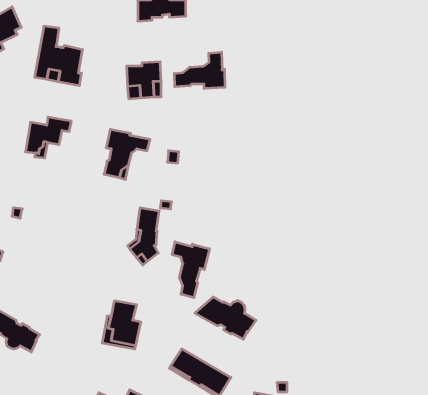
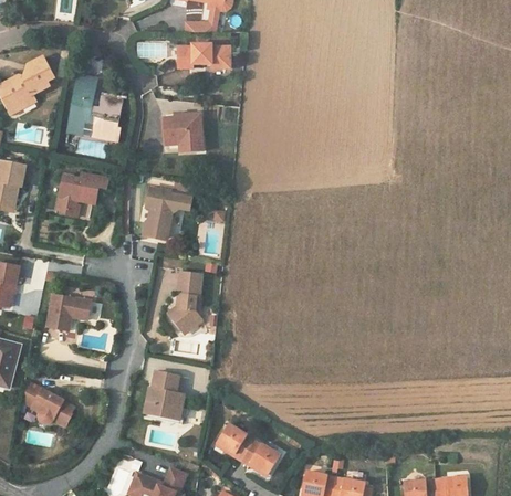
building: [174,52,225,89] -> none
building: none -> [48,295,91,331]
building: [172,242,209,298] -> none
building: [195,297,256,339] -> none

